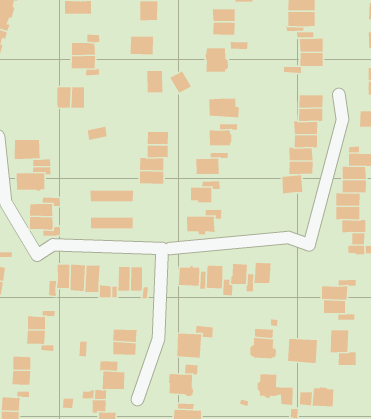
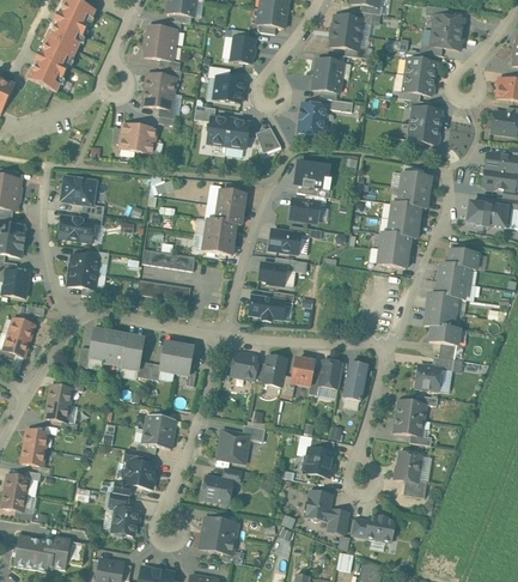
building: none -> [141,40,176,62]
building: none -> [207,116,230,145]
building: [282,174,303,194] -> none
building: none -> [415,364,440,389]
building: none -> [342,360,367,400]
building: [287,338,318,364] -> none

